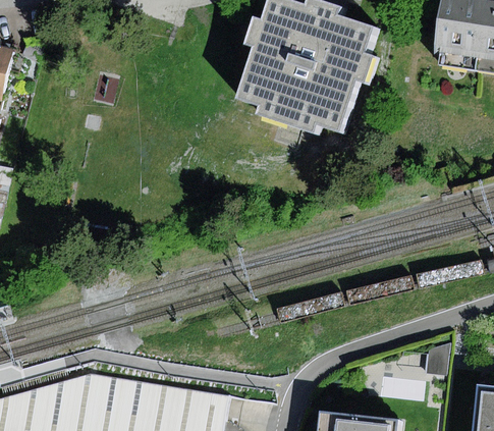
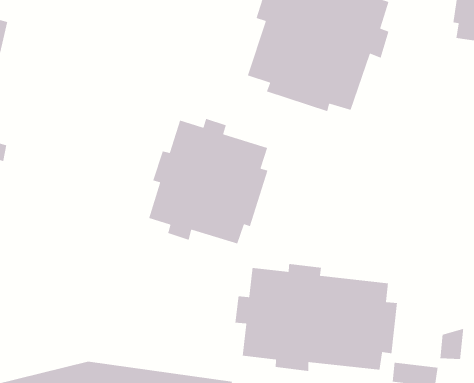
building: none -> [148,118,269,245]
building: none -> [235,263,398,372]

